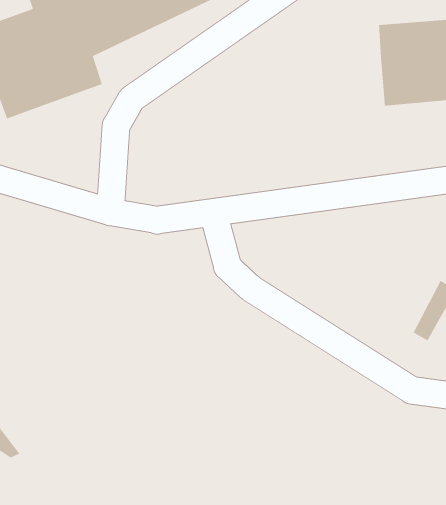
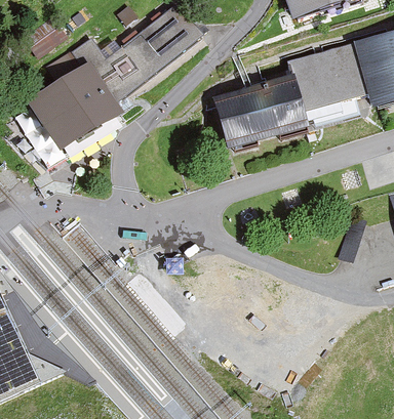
building: none -> [207,78,303,146]

